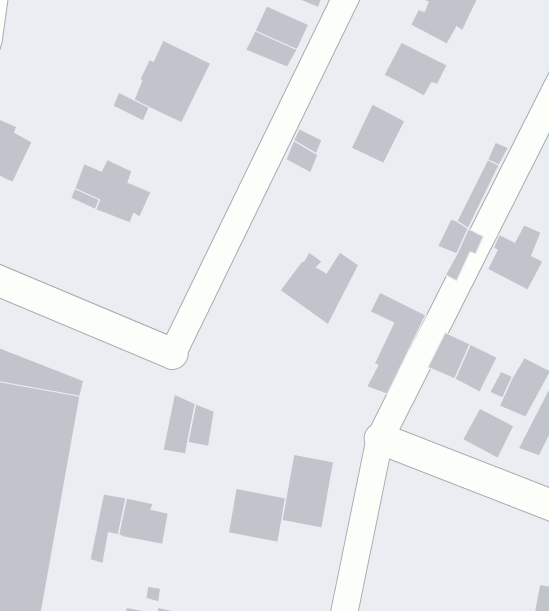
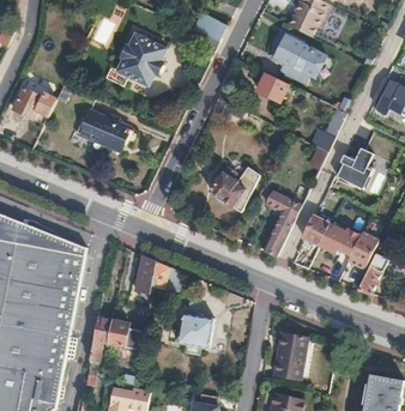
building: none -> [279,49,325,83]
building: [463,408,514,458] -> none
building: [282,455,334,528] -> [273,331,306,376]

